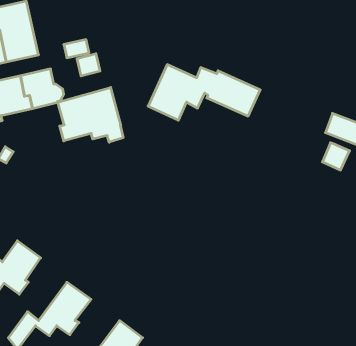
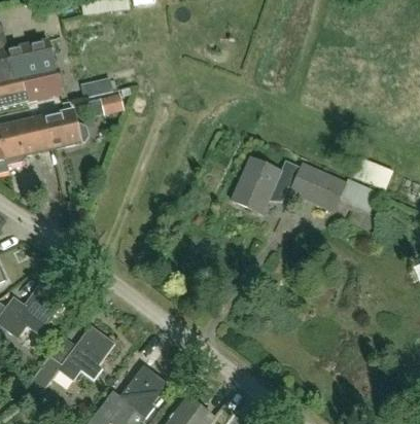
building: [148,65,260,120] -> [231,157,345,214]
building: [58,87,123,142] -> none

